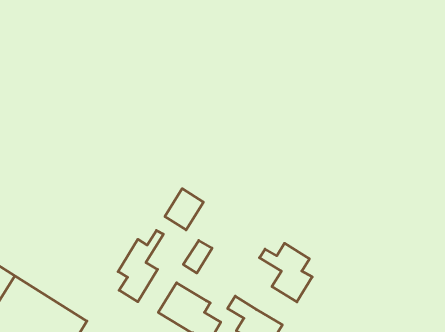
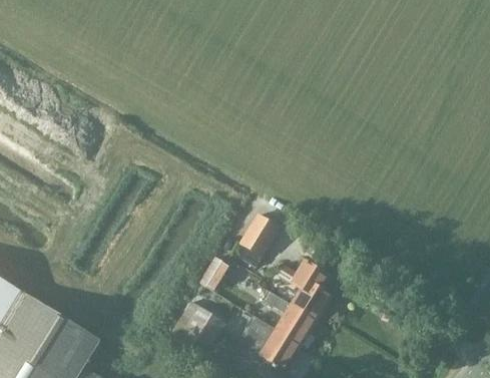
building: [165,189,203,230] -> [238,215,279,258]
building: [118,230,163,302] -> none
building: none -> [262,292,316,346]

